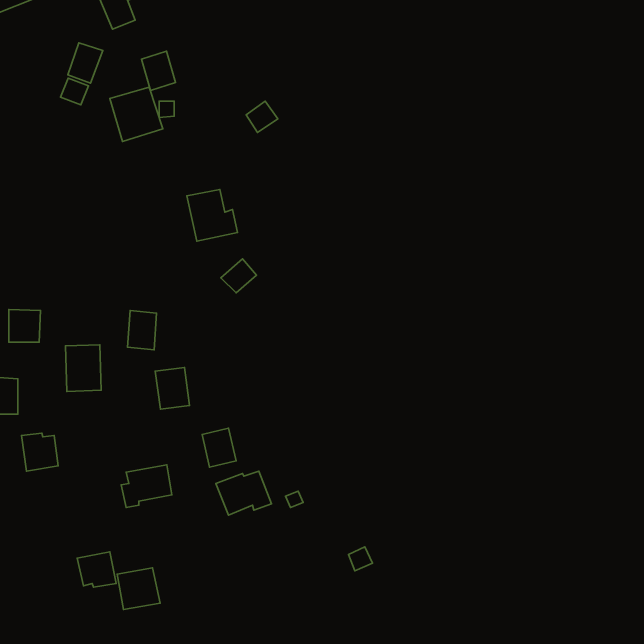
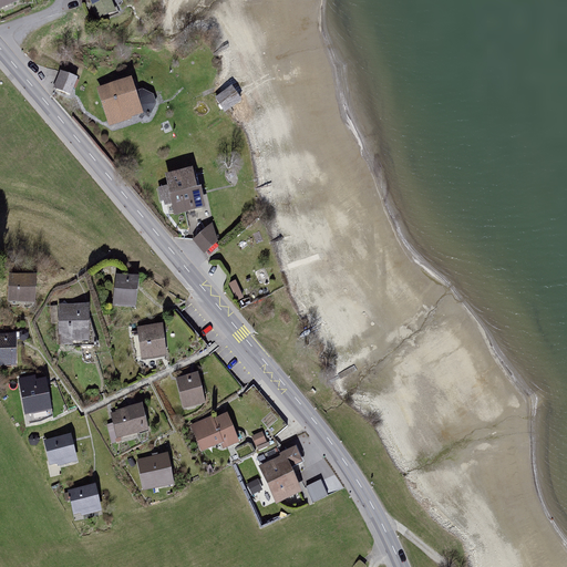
building: [68,43,103,83] -> none
building: [141,51,176,90] -> none
building: none -> [42,433,76,465]
building: none -> [258,444,305,502]
building: [117,568,160,609] -> [136,452,174,488]

